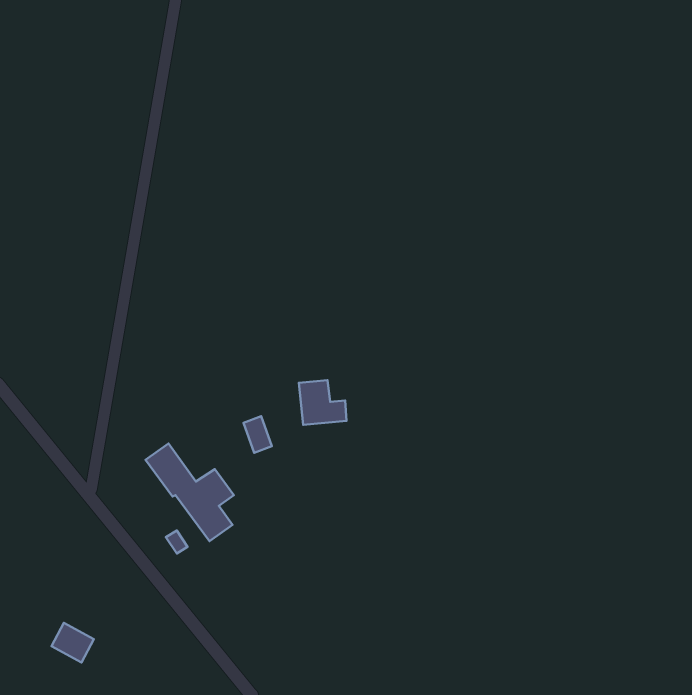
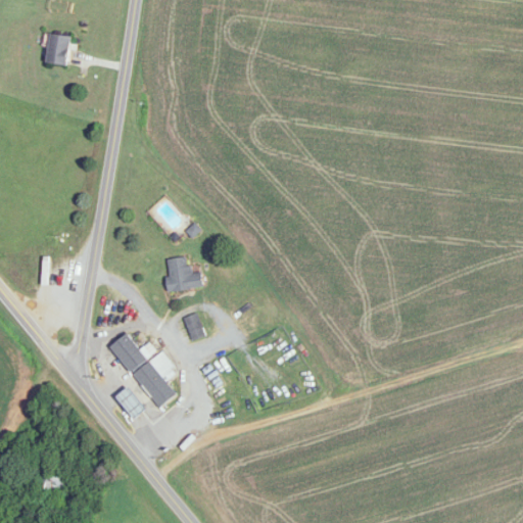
building: none -> [45,34,68,65]
building: [299,380,347,425] -> [165,257,201,291]

